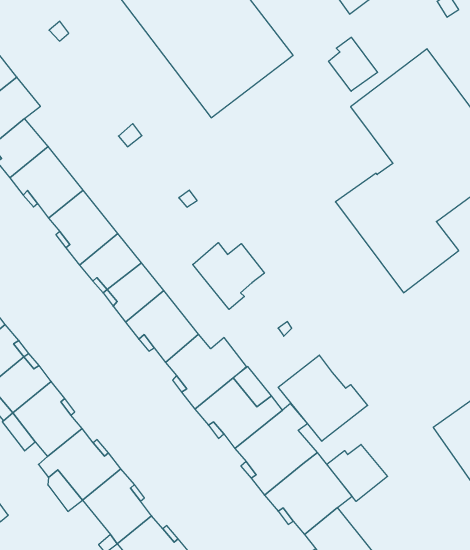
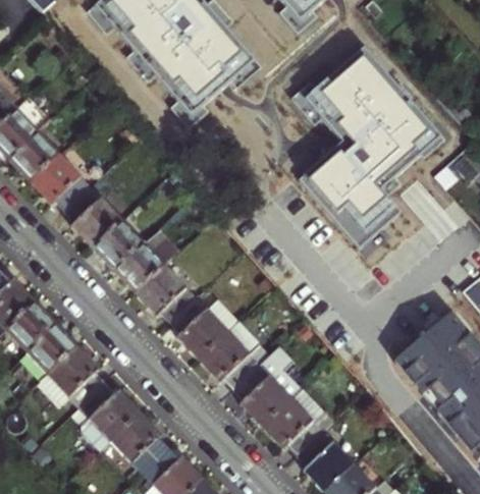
building: [329,37,378,91] -> none
building: [193,243,264,309] -> none
building: [278,355,368,441] -> none
building: [327,444,388,501] -> none

